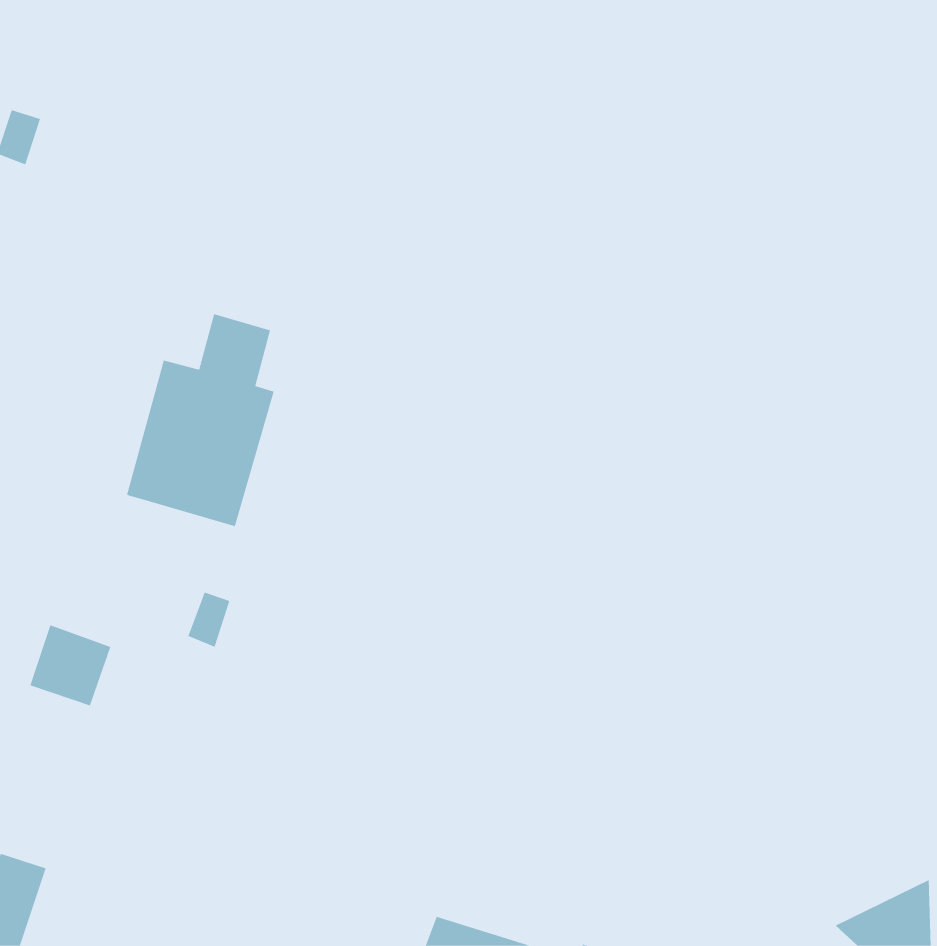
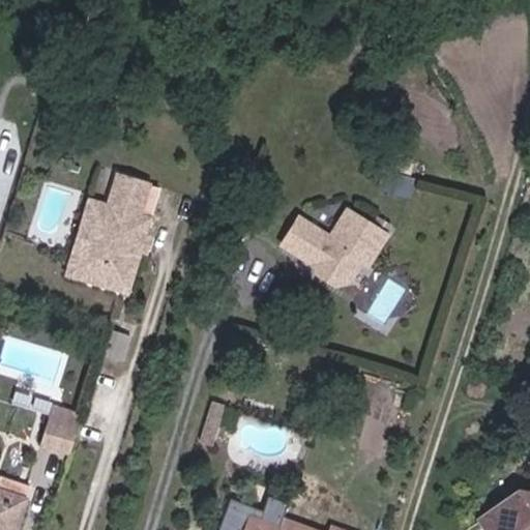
building: none -> [283,212,386,286]
building: [29,624,111,706] -> [35,407,81,452]

